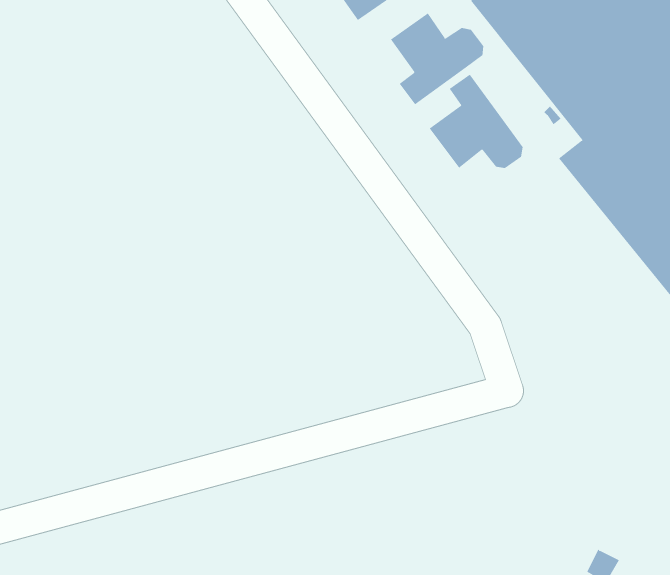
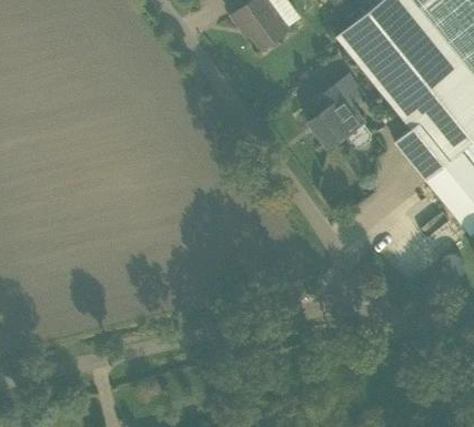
building: [390,12,484,105] -> none

